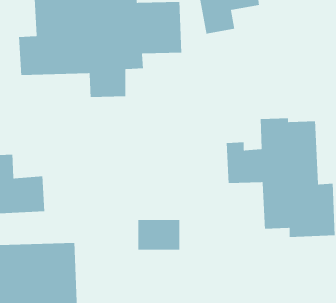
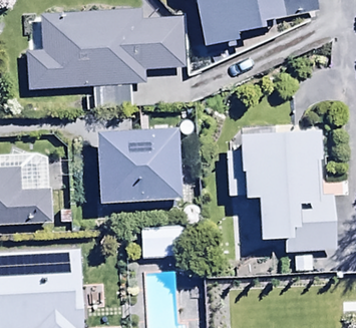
building: none -> [95,123,183,200]

